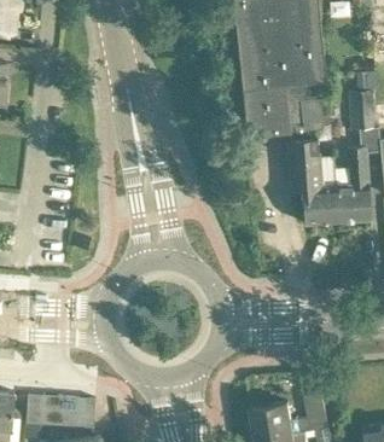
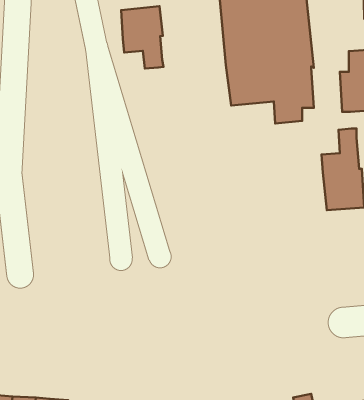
building: none -> [121,6,163,69]
building: [287,140,336,226] -> none

